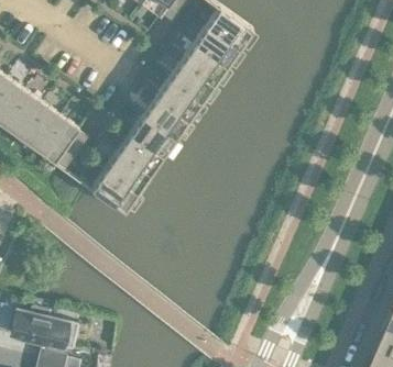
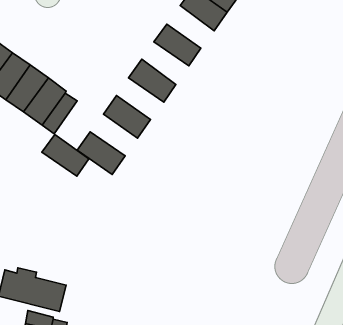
building: [178,43,226,86] -> none
building: [153,79,200,122] -> none
building: [128,115,175,157] -> none
building: [101,152,149,193] -> [42,135,89,176]

